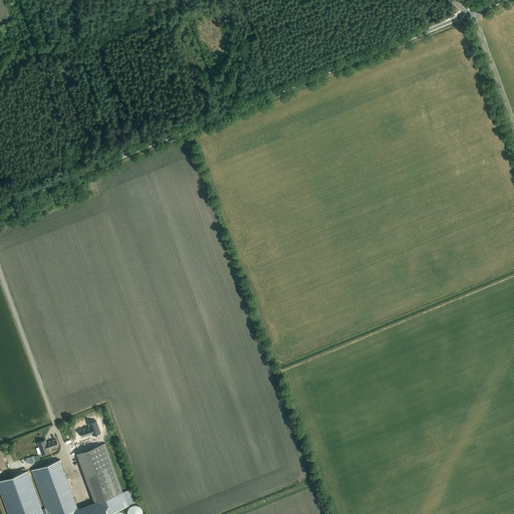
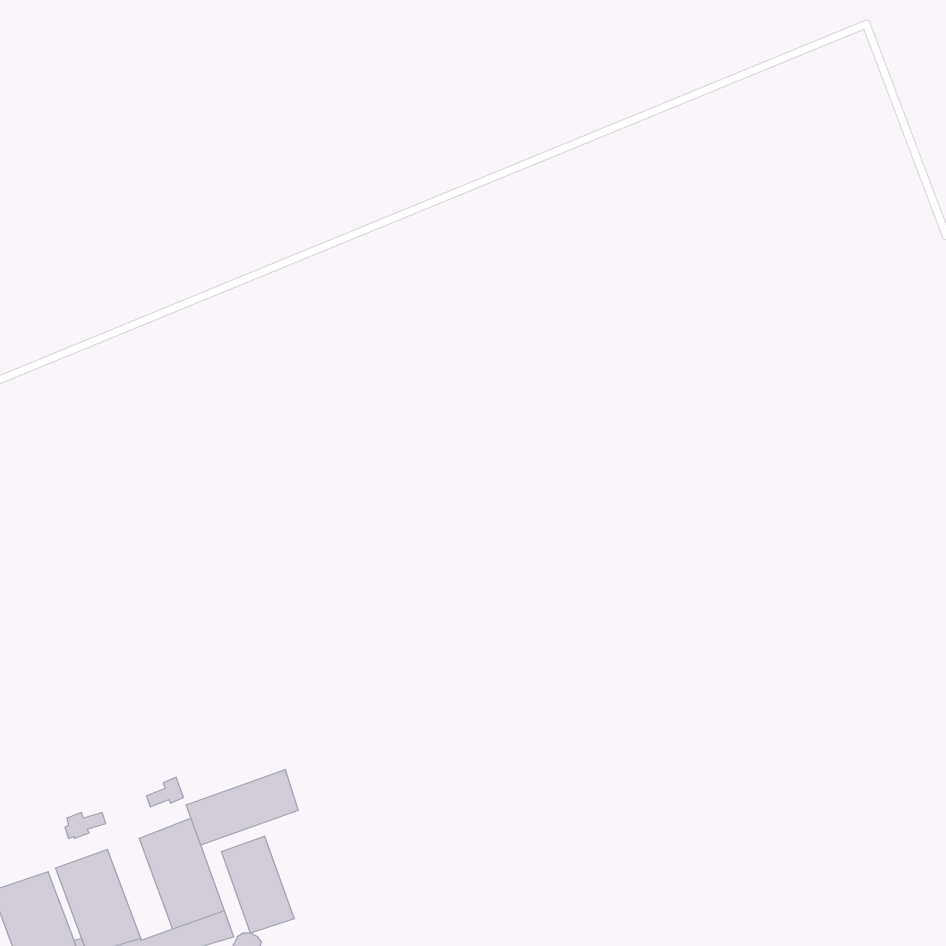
building: none -> [186,769,298,845]
building: none -> [222,836,294,933]

